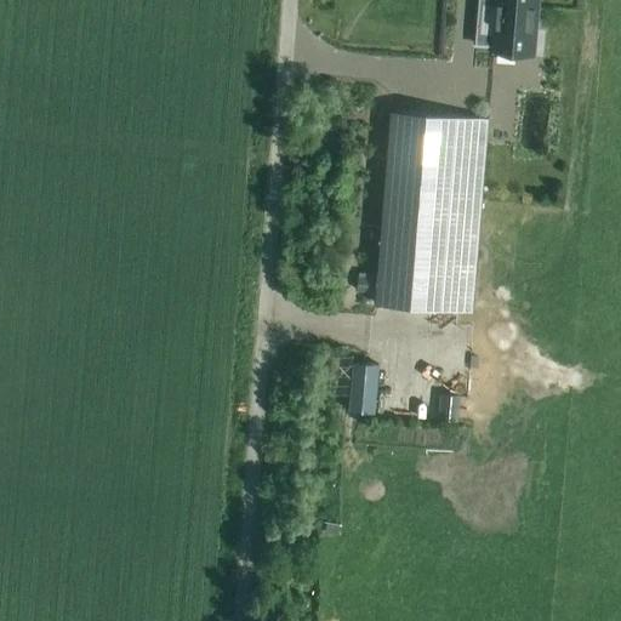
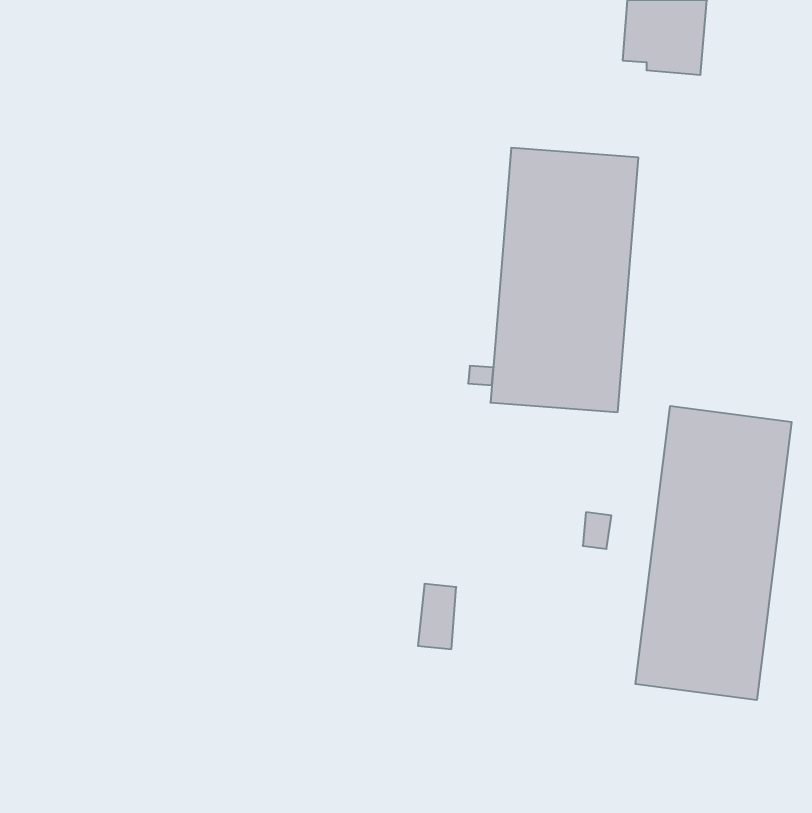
building: none -> [635,406,792,700]
building: [351,364,380,414] -> [418,584,456,649]

